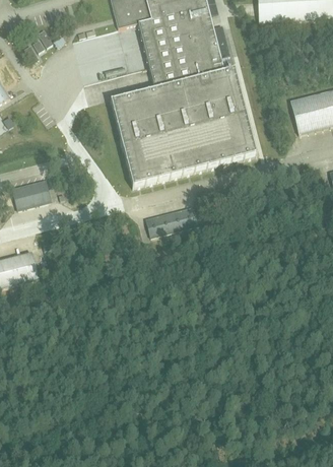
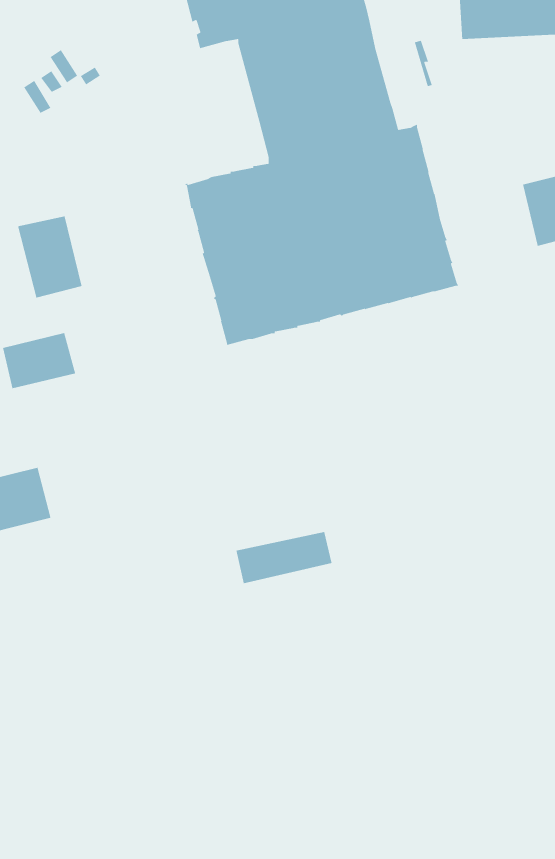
building: none -> [17,215,83,299]
building: [145,207,197,236] -> [236,531,332,584]

